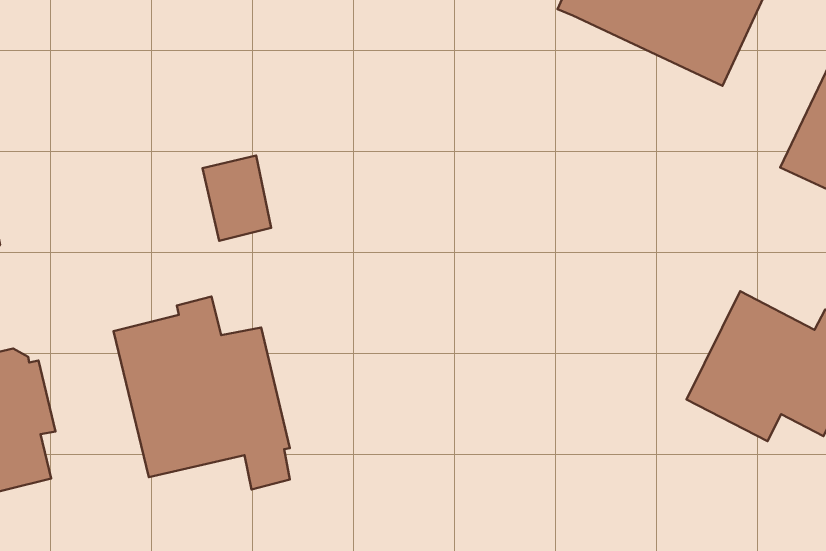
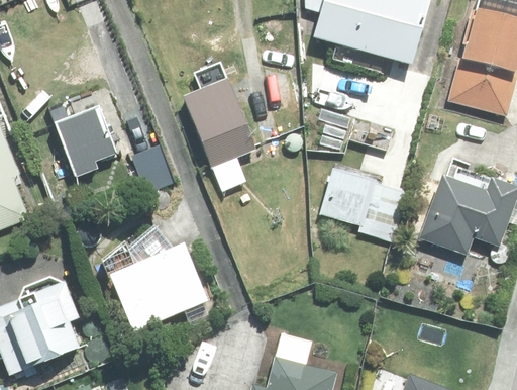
building: none -> [183,78,254,194]
building: none -> [54,104,115,178]
building: none -> [323,168,384,223]

